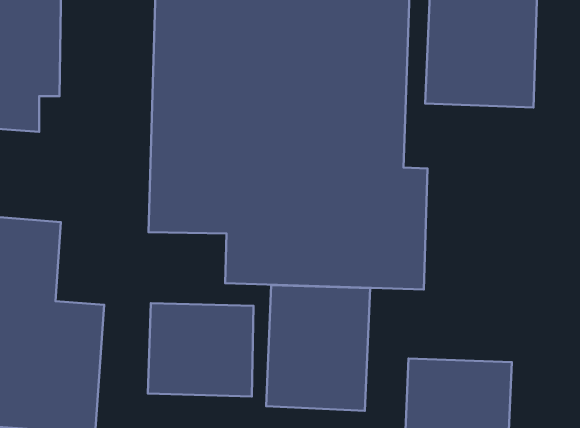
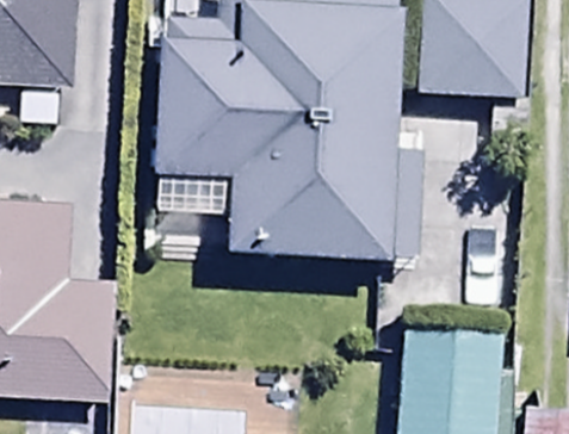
building: [266,285,370,411] -> none
building: [148,303,253,397] -> none

